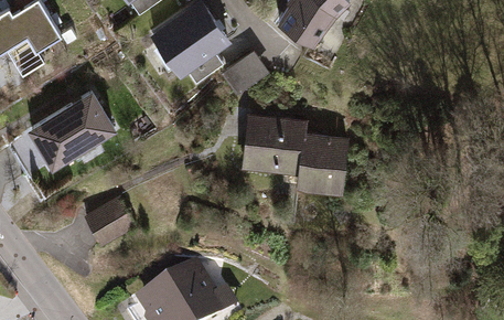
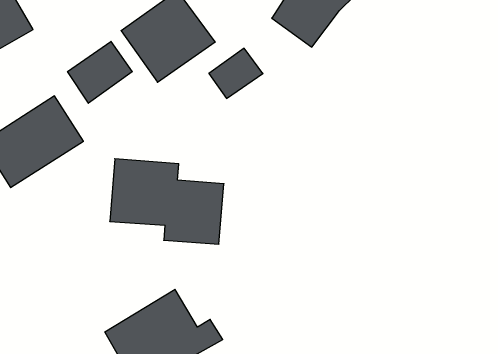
building: none -> [68,41,132,103]
building: [251,113,352,188] -> [110,159,224,244]
building: [84,199,133,244] -> none

